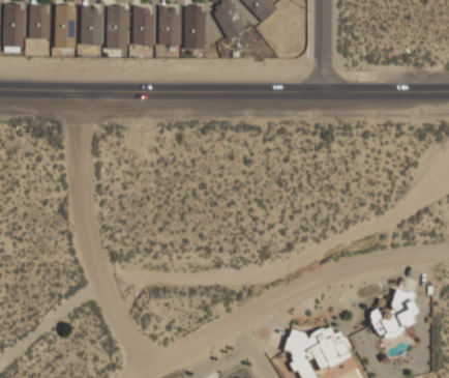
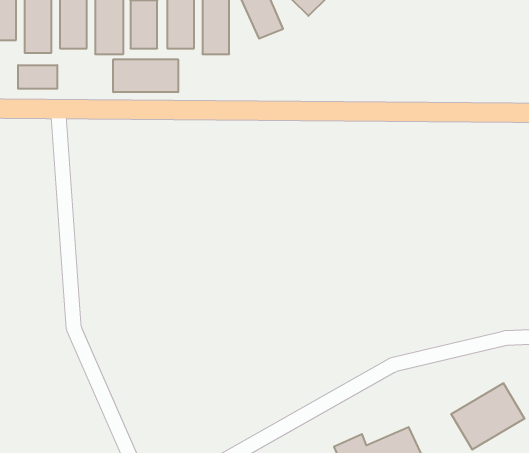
building: none -> [113,59,178,92]
building: none -> [18,65,57,89]

